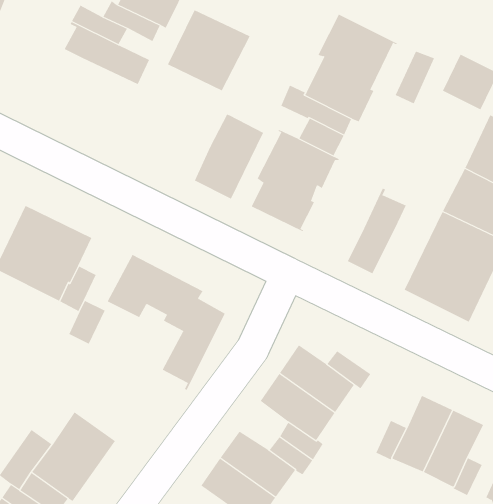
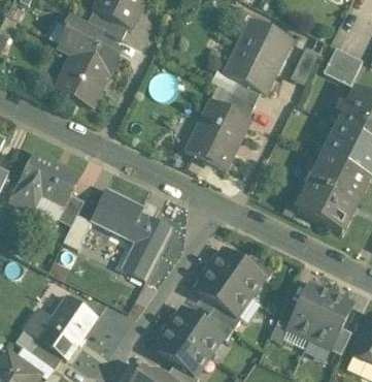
building: [167,10,250,91] -> [54,50,111,106]
building: [194,114,264,199] -> none
building: [347,188,406,274] -> none

